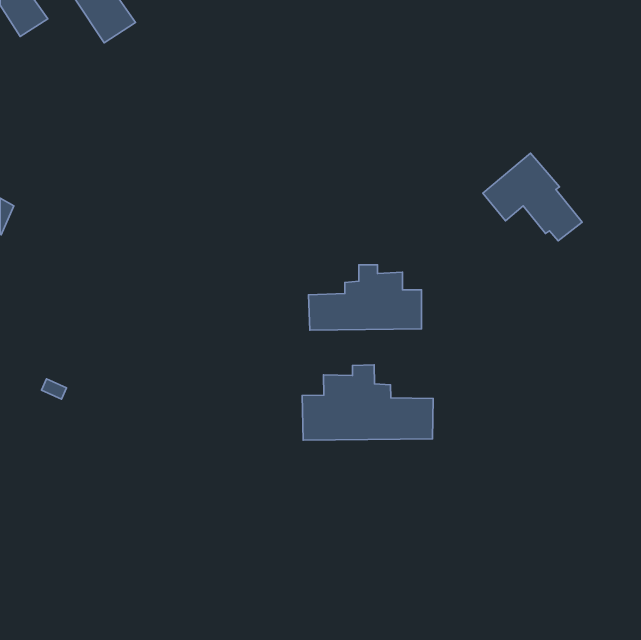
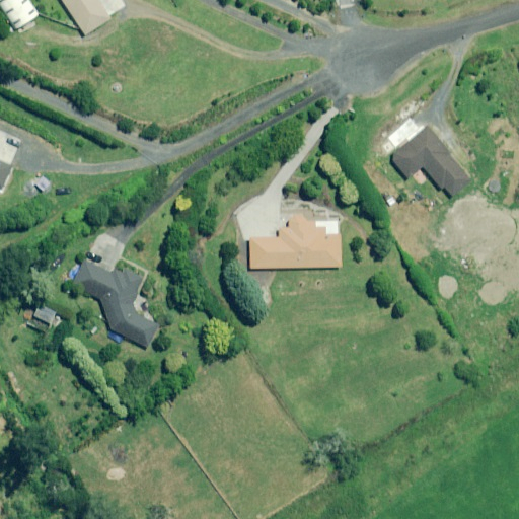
building: none -> [71,258,158,347]
building: [302,365,433,440] -> none

